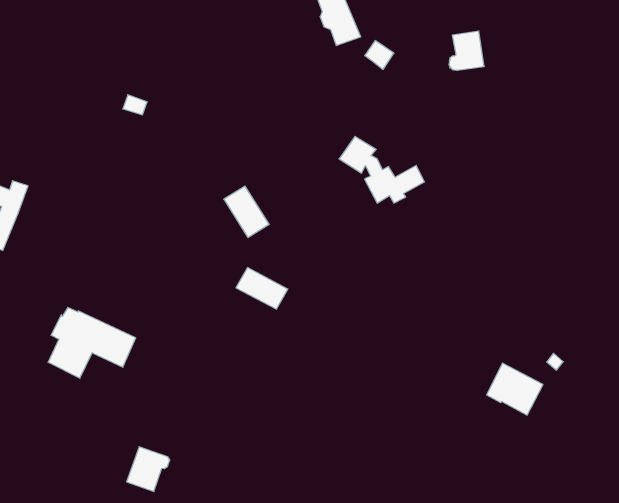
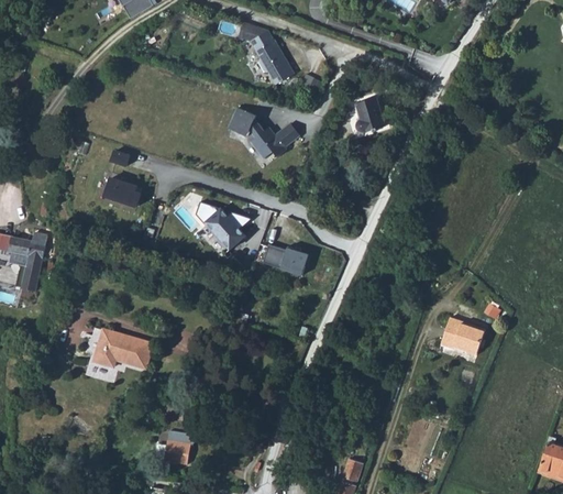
building: [449,31,484,70] -> [354,98,384,132]
building: none -> [102,176,140,205]
building: [339,136,425,203] -> [227,108,298,158]
building: [236,268,288,309] -> [262,245,303,275]

